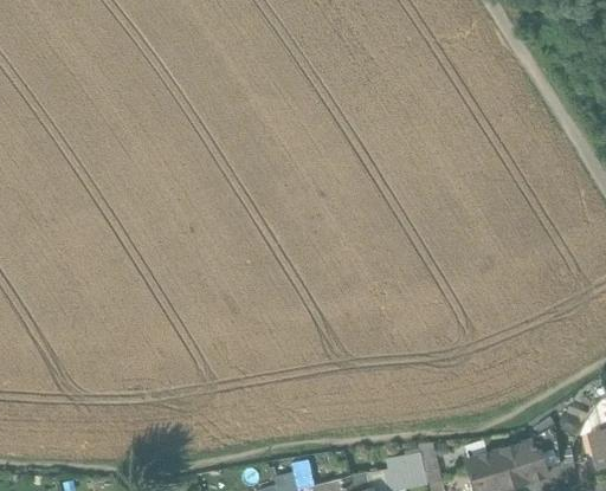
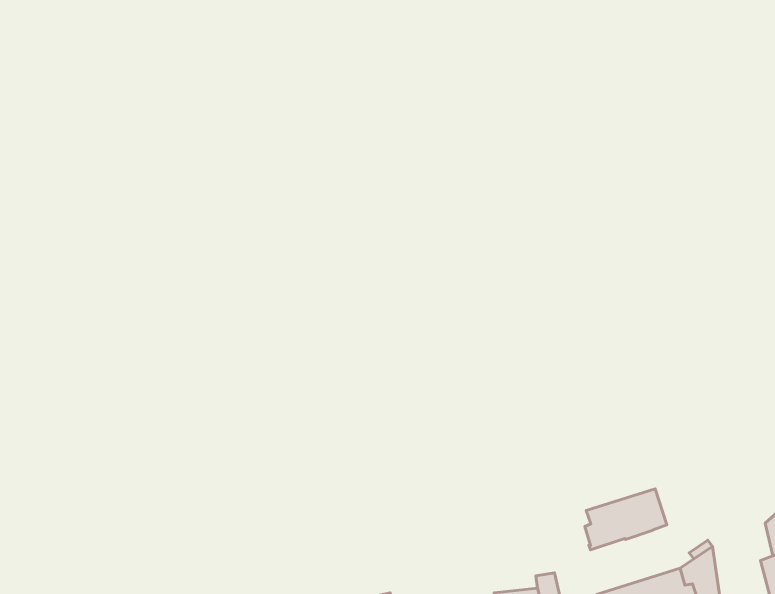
building: none -> [585,489,667,550]

